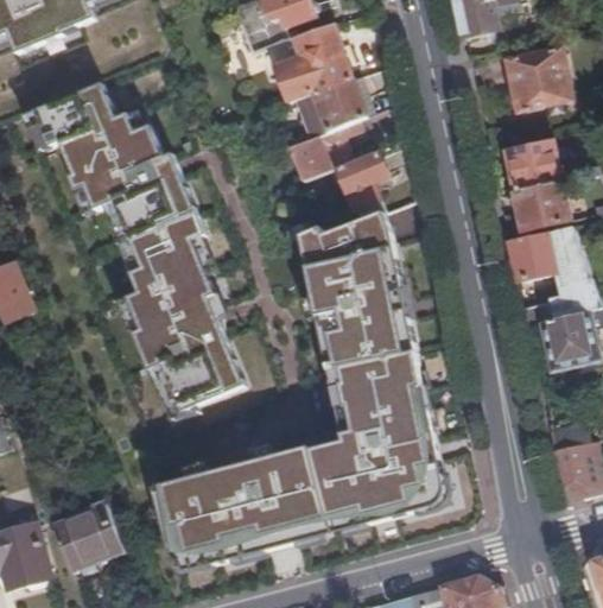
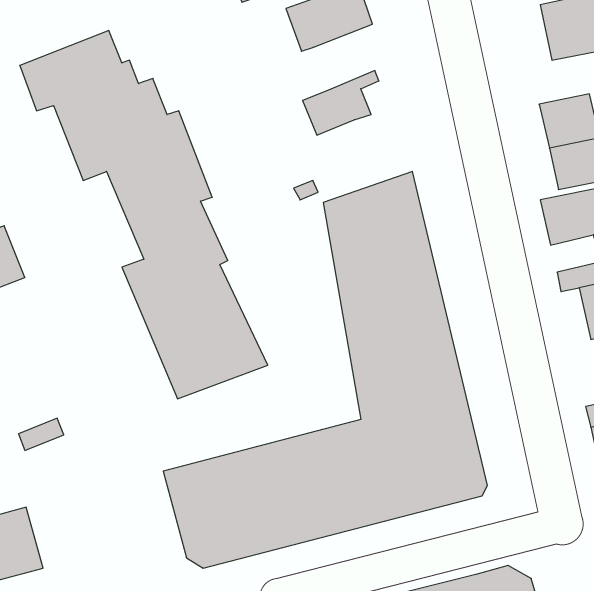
building: [296,74,364,137] -> none
building: [334,147,386,217] -> none
building: [49,502,119,565] -> none

